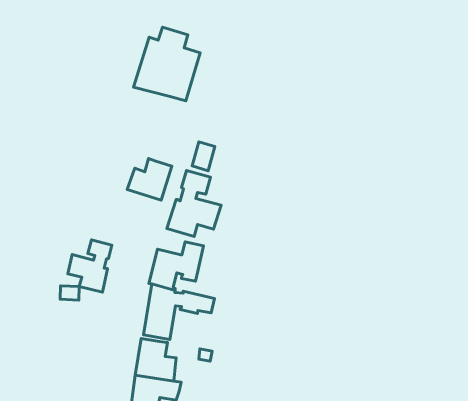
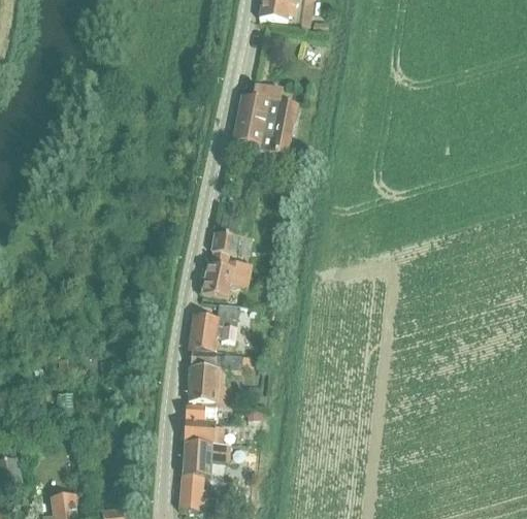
building: [134,27,200,101] -> [231,83,294,154]
building: [127,158,172,200] -> none
building: [68,240,112,292] -> none

